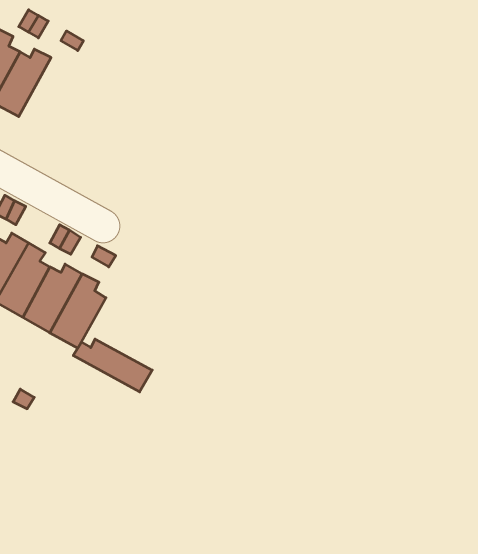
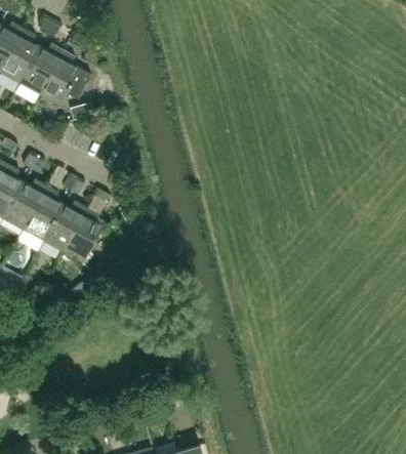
building: none -> [40,51,92,107]
building: [73,339,152,392] -> none

